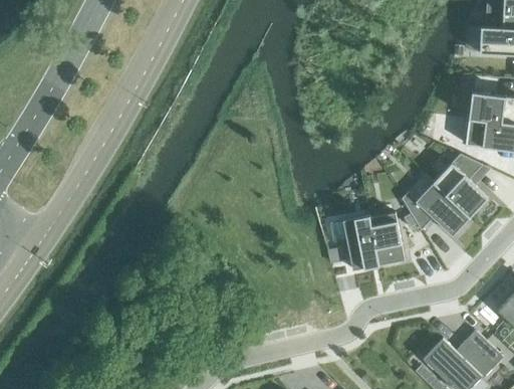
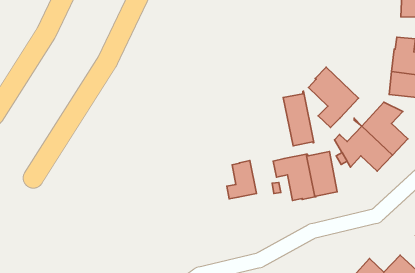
building: none -> [308,67,359,128]
building: none -> [283,91,314,146]
building: none -> [227,161,256,199]

